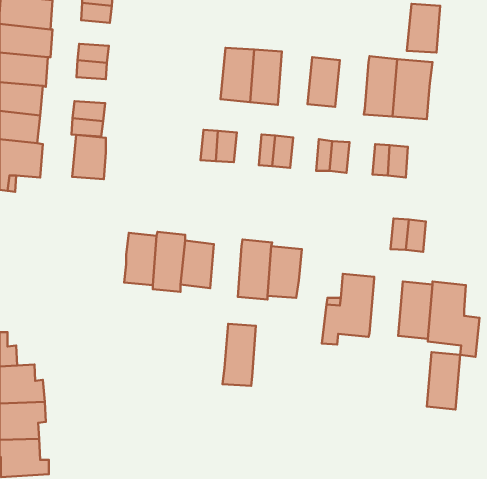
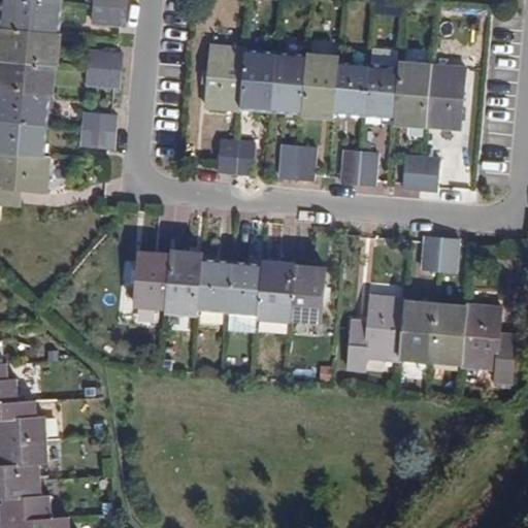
building: [407,4,440,53] -> [362,65,398,118]
building: none -> [203,45,243,110]
building: none -> [300,54,337,118]
building: [72,135,106,179] -> none
building: [223,324,256,386] -> [225,264,261,331]
building: [427,352,460,409] -> [399,301,435,363]

